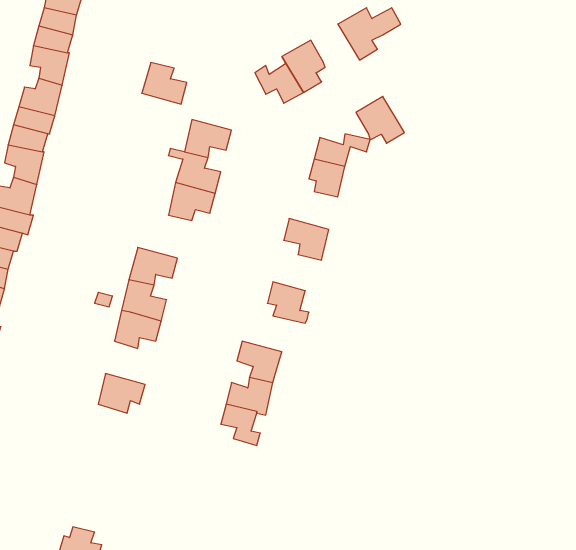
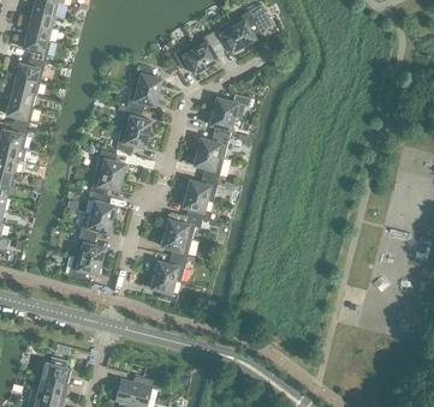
building: [142,63,187,104] -> [131,65,161,92]
building: [356,96,404,143] -> [210,22,243,53]
building: none -> [196,133,228,158]
building: none -> [95,150,125,178]
building: none -> [185,175,218,200]
building: none -> [165,215,201,240]
building: none -> [73,233,103,262]

